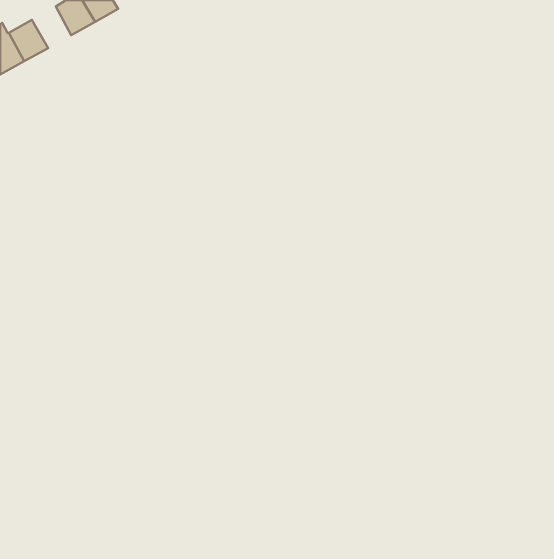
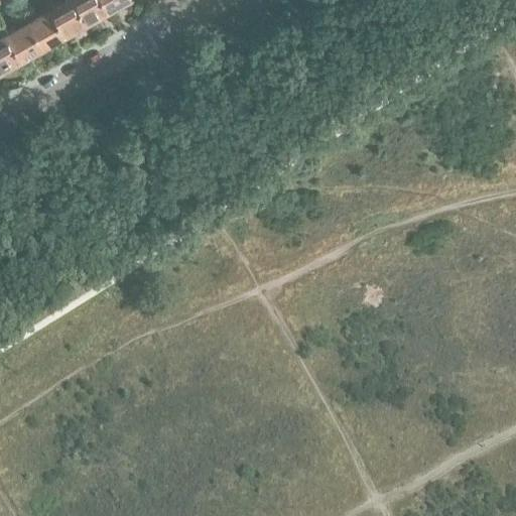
building: none -> [34,6,71,44]

